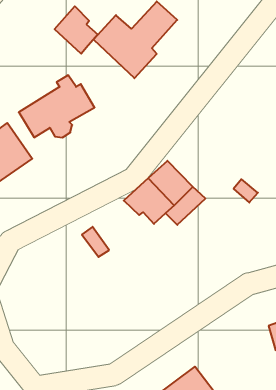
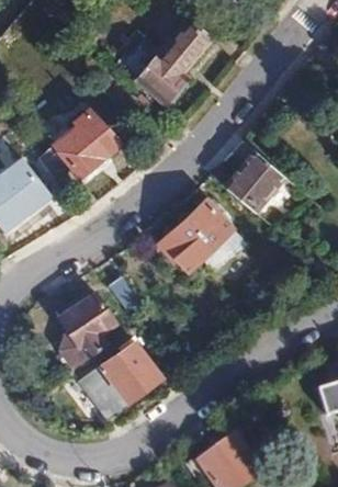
building: [55,6,98,54] -> none
building: none -> [227,151,282,207]
building: none -> [59,292,115,367]
building: none -> [78,343,161,420]

